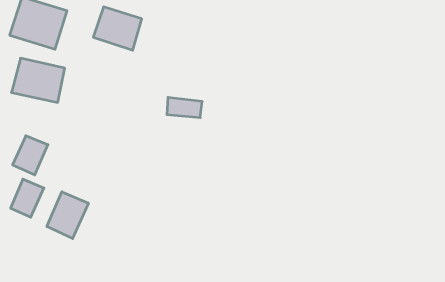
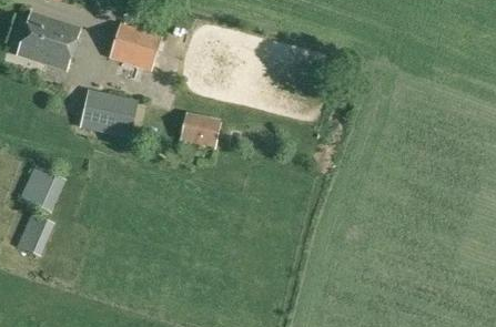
building: [11,58,65,102] -> [78,89,136,137]
building: [47,192,88,239] -> none

